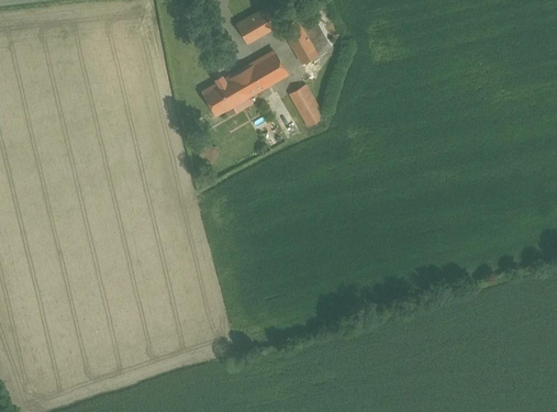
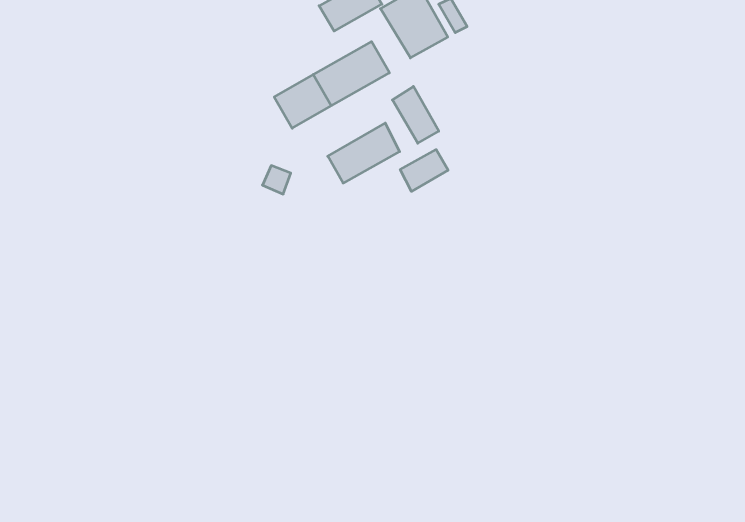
building: none -> [328,123,400,183]
building: none -> [400,150,448,191]

